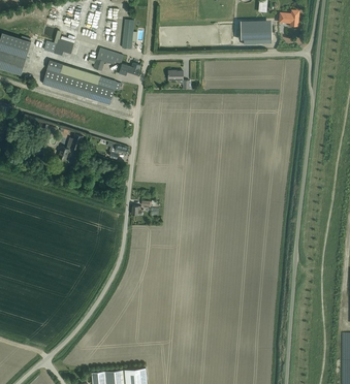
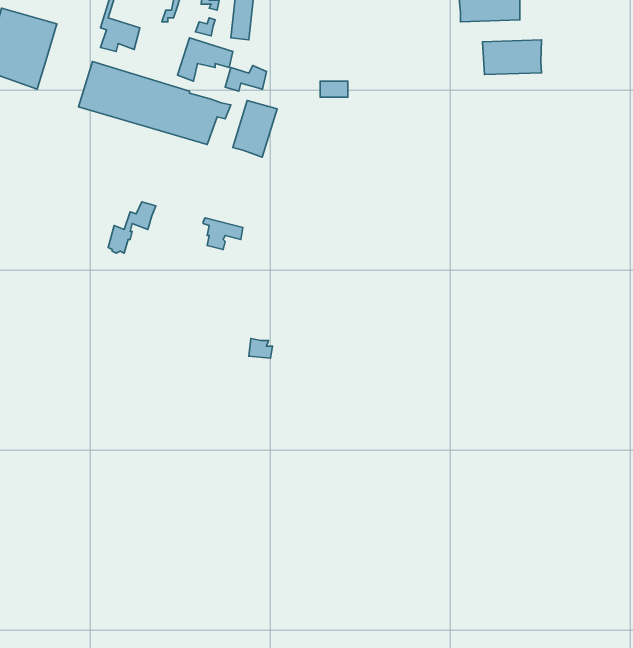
building: none -> [482,40,541,75]
building: none -> [233,101,277,157]

